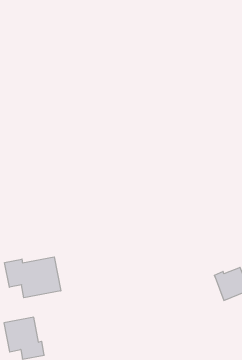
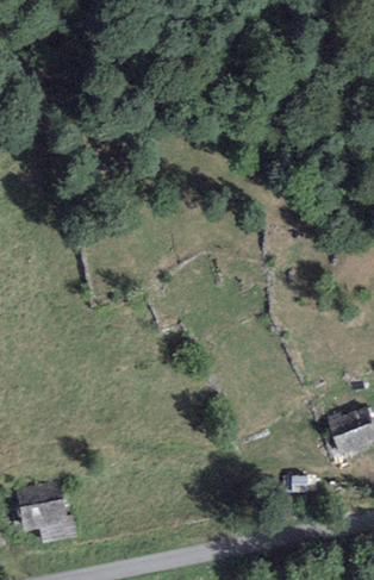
building: [5,257,61,298] -> none

